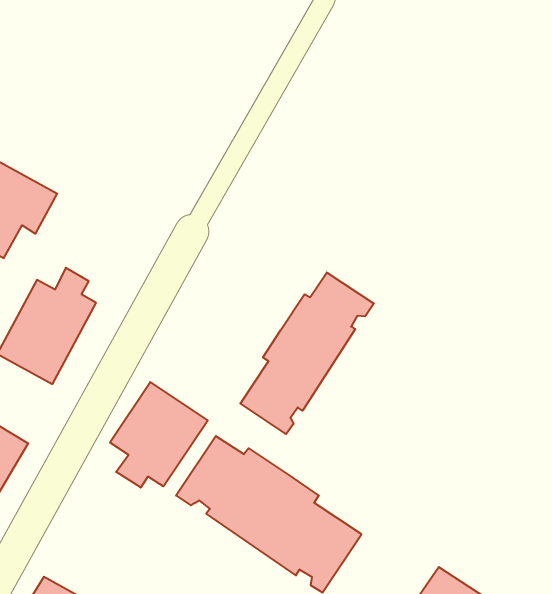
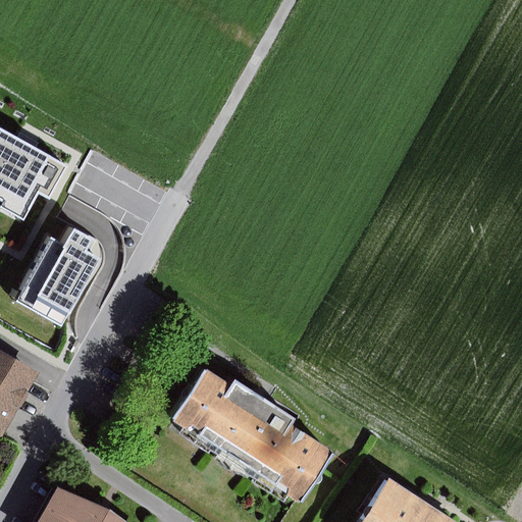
building: [240,272,374,434] -> none
building: [110,382,208,488] -> none

